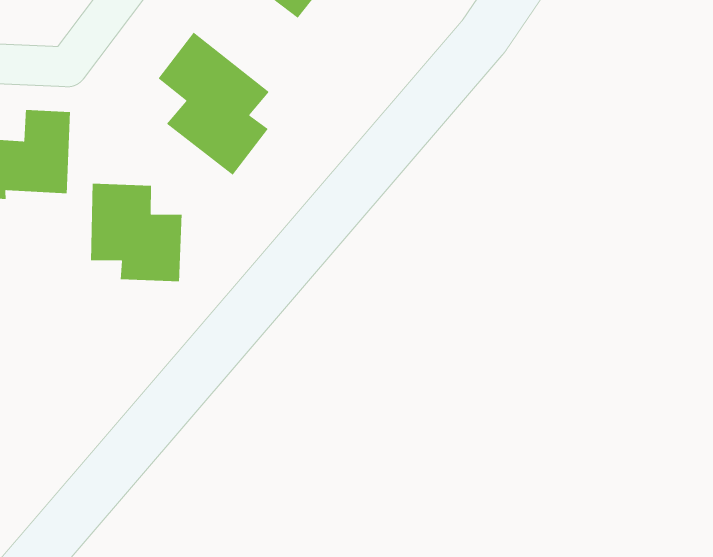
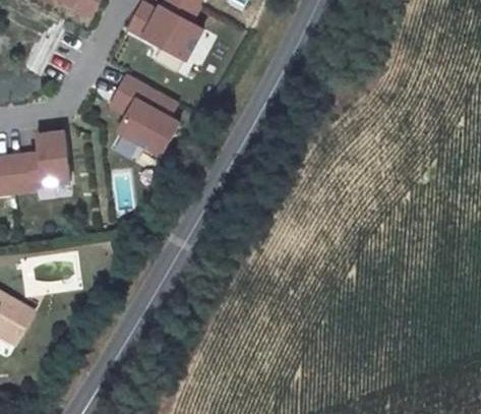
building: [90,183,182,282] -> none

